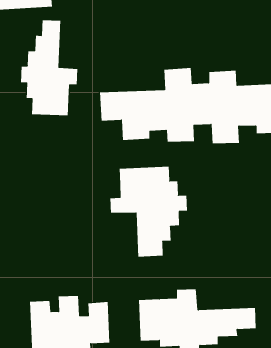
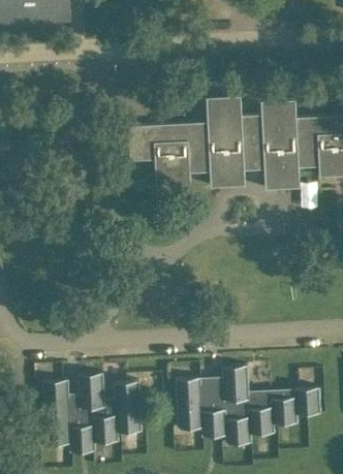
building: [21,20,78,116] -> none
building: [110,166,187,257] -> none

